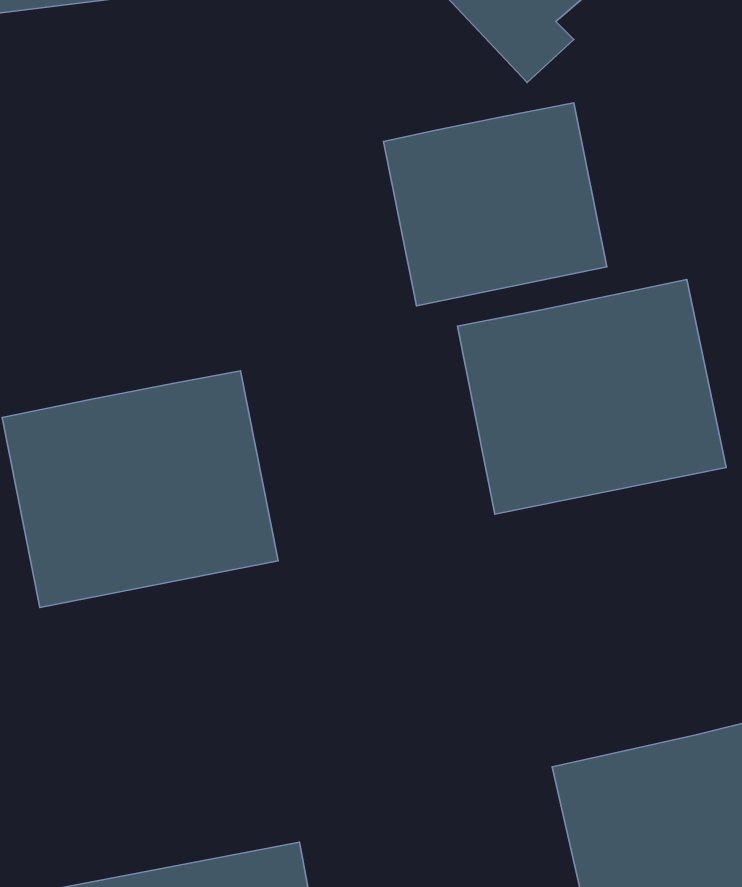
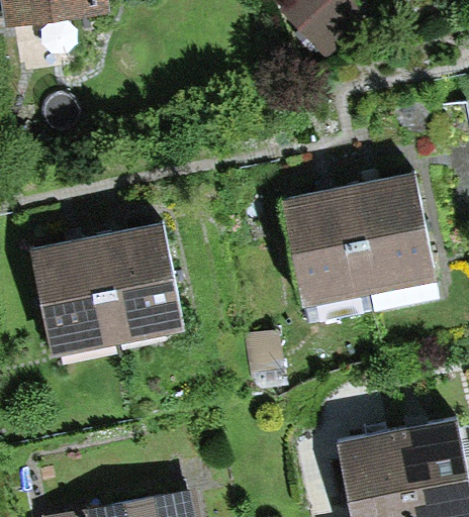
building: [383,103,607,306] -> none

